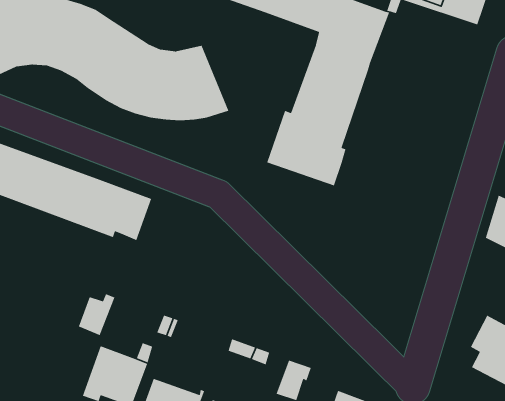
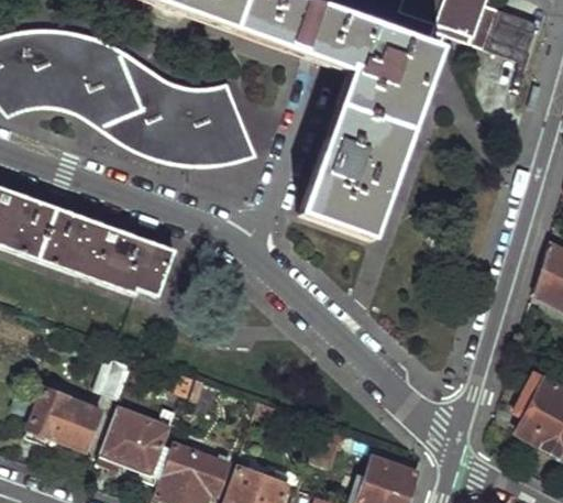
building: none -> [24,389,99,448]

